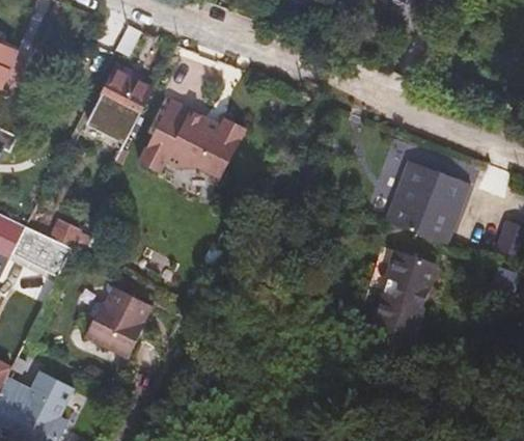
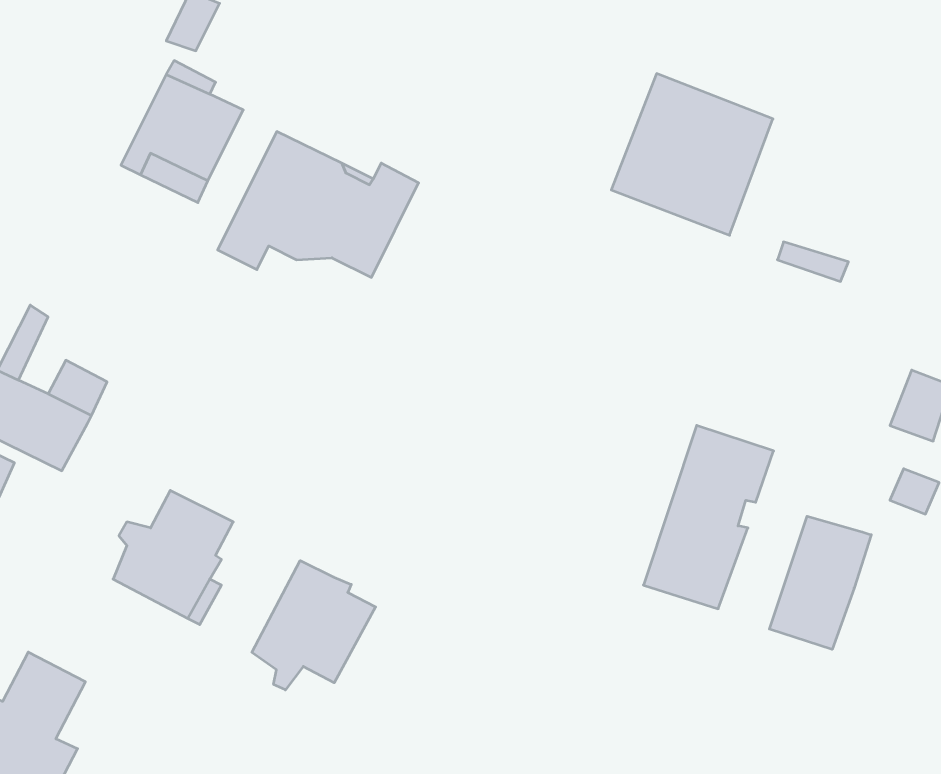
building: [383,163,468,248] -> [611,74,773,235]
building: none -> [769,516,871,649]
building: none -> [252,561,376,690]

